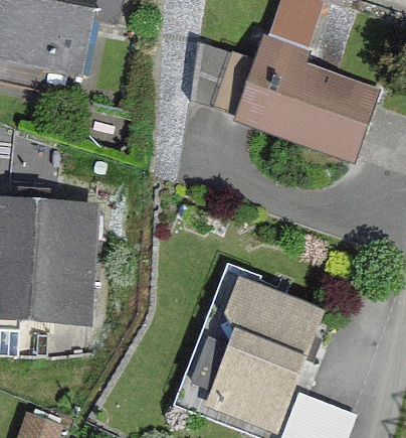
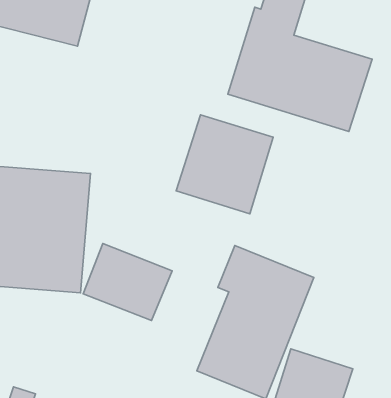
building: none -> [176,115,273,214]
building: none -> [83,243,172,321]

